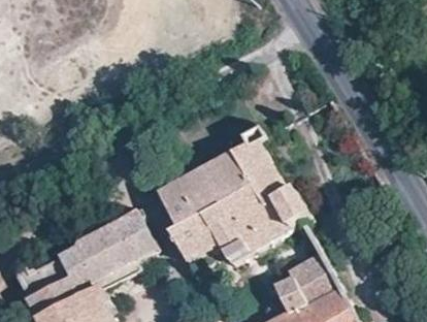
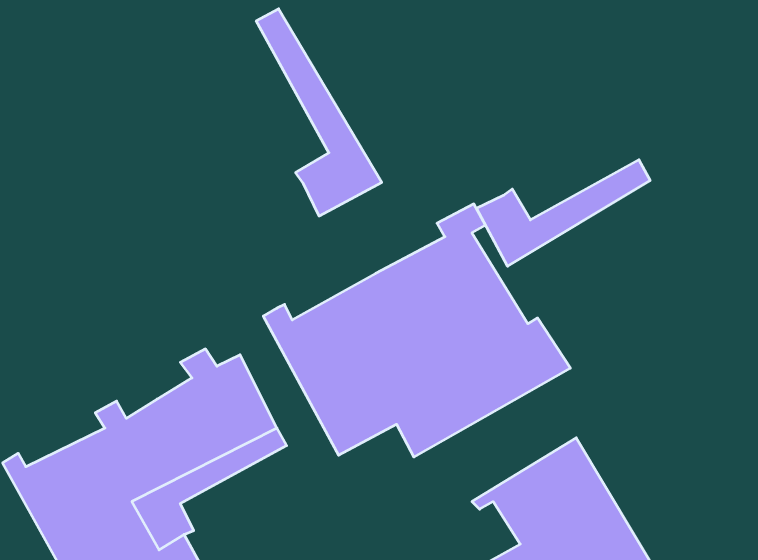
building: none -> [256,9,382,216]
building: none -> [476,160,650,266]

